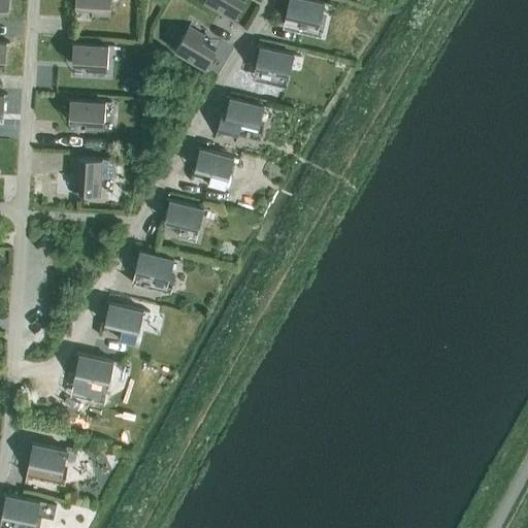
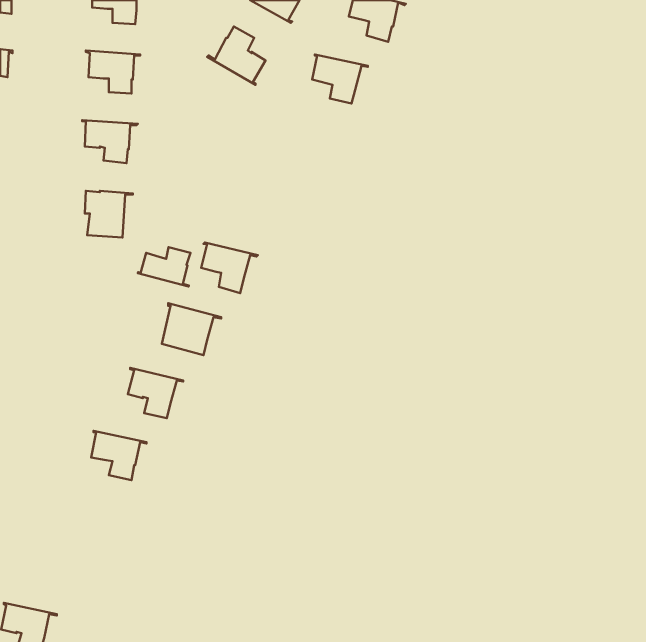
building: [218,98,270,139] -> none
building: [194,148,240,191] -> none
building: none -> [138,247,190,286]
building: [26,443,73,485] -> none

